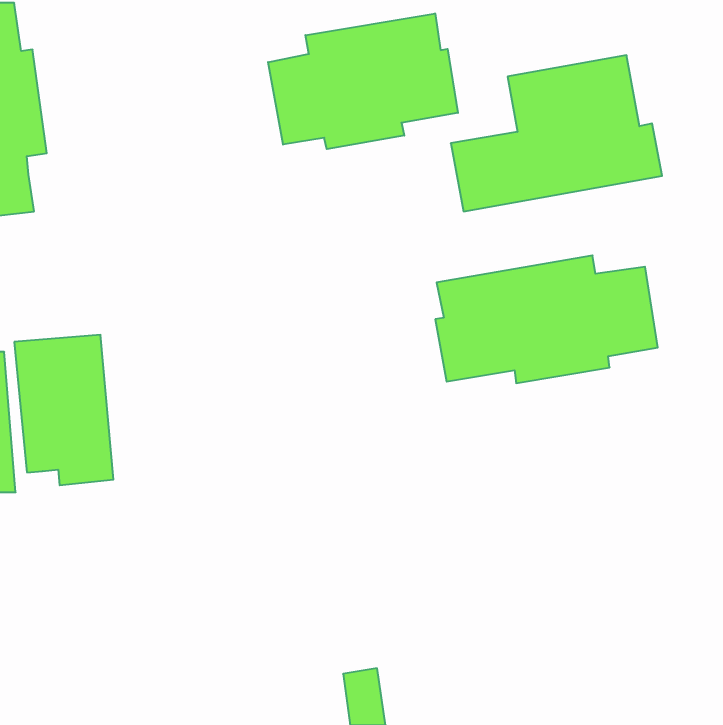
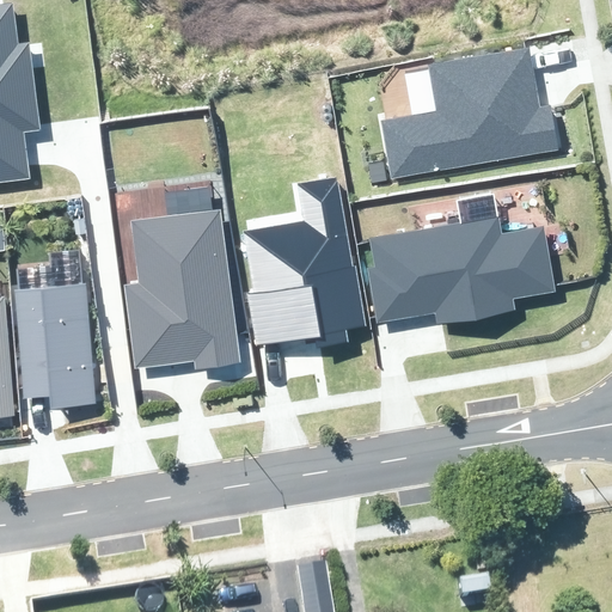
building: [268,13,458,149] -> none
building: none -> [238,176,363,345]
building: none -> [123,208,240,369]

